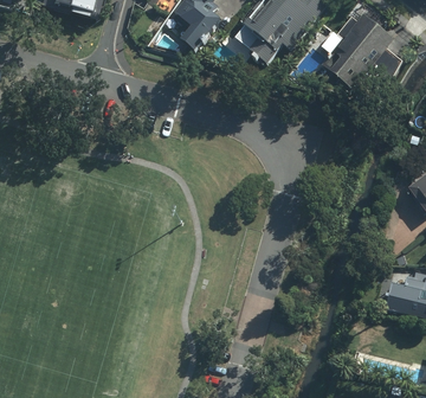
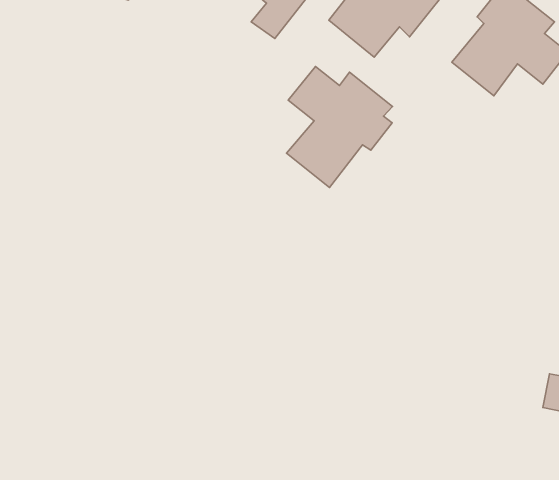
building: none -> [286,66,392,187]

